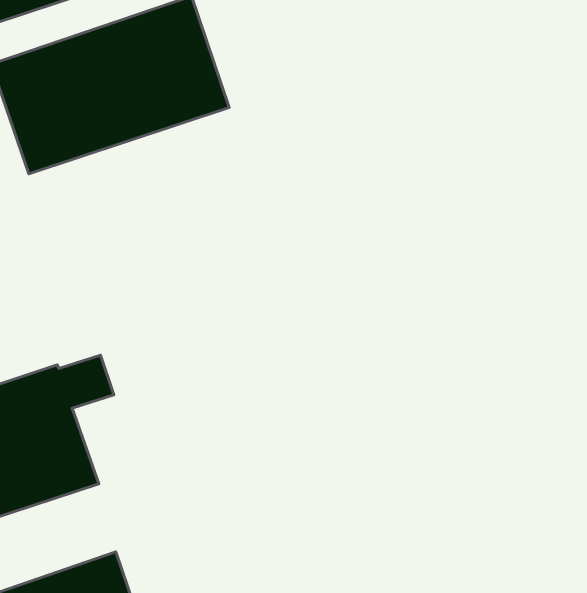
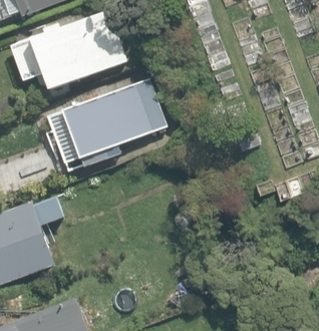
building: none -> [39,77,166,165]

